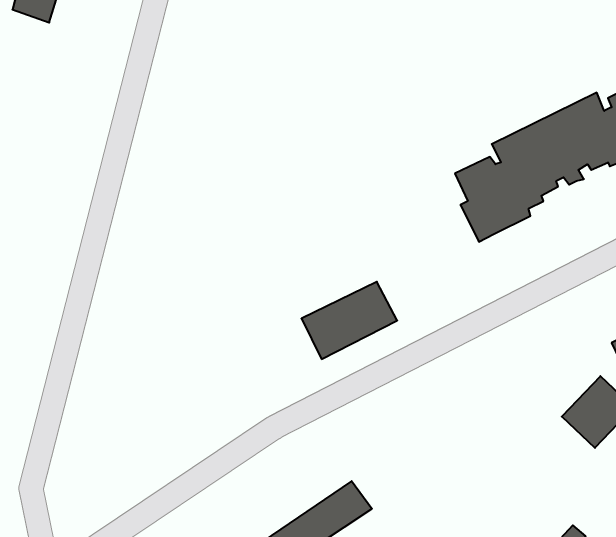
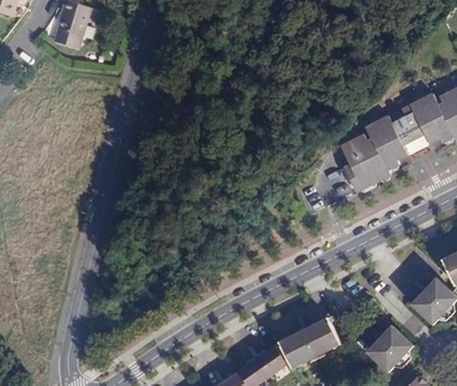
building: [301,282,397,359] -> [279,318,341,368]
building: none -> [365,326,413,373]

